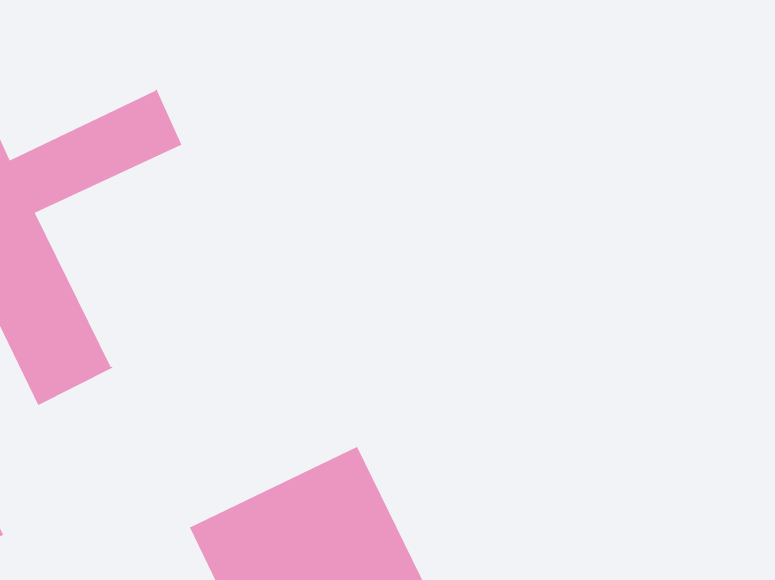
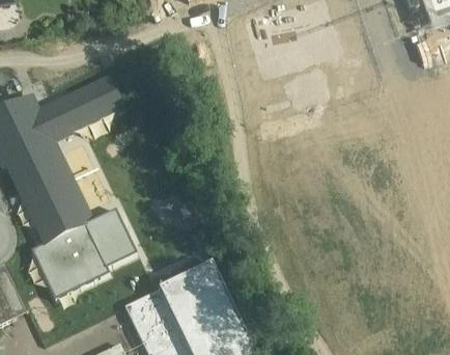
building: none -> [31,208,135,296]

